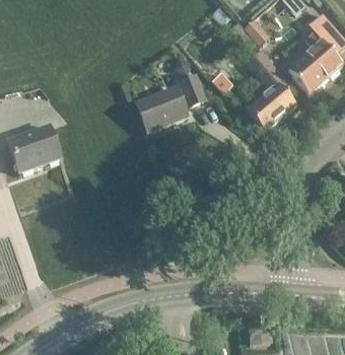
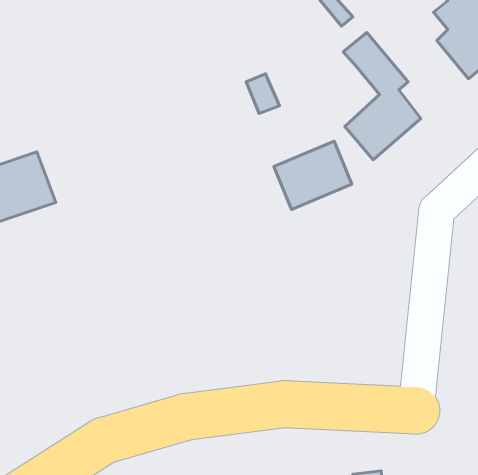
building: [287,54,326,93] -> none
building: [137,86,187,130] -> [274,141,352,210]

